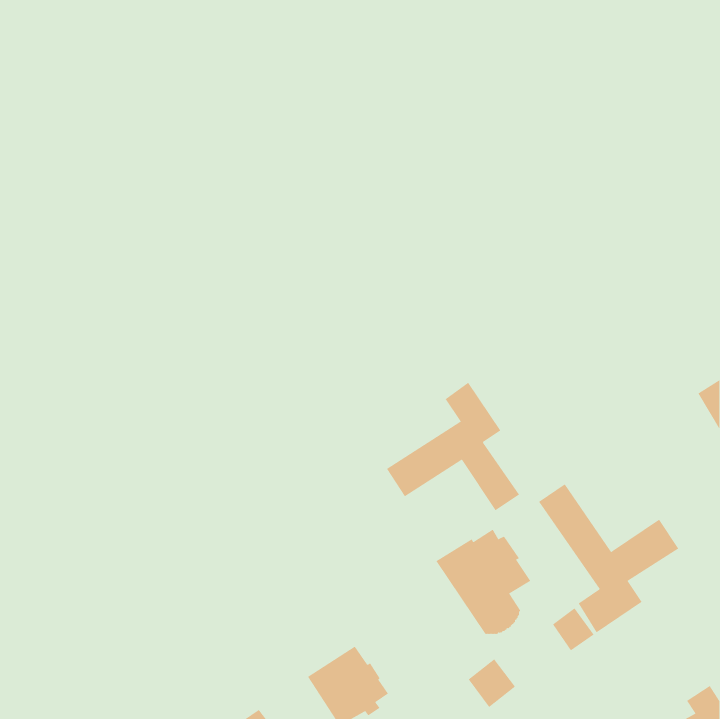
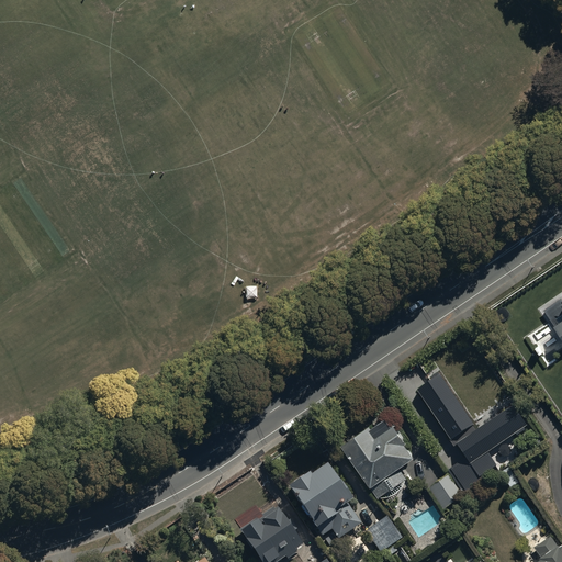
building: [386,382,520,511] -> none
building: none -> [289,458,359,533]

